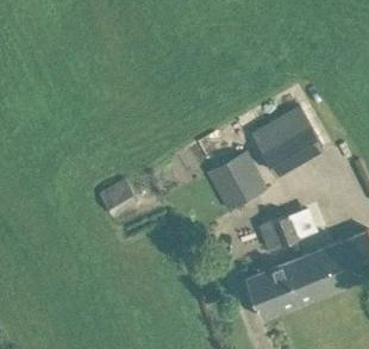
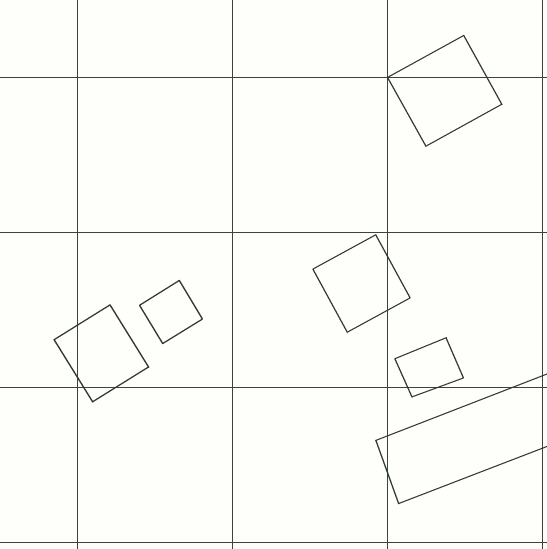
building: [251,106,323,175] -> [388,36,502,146]
building: none -> [54,305,149,402]

